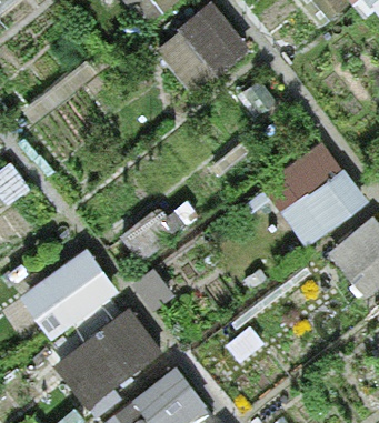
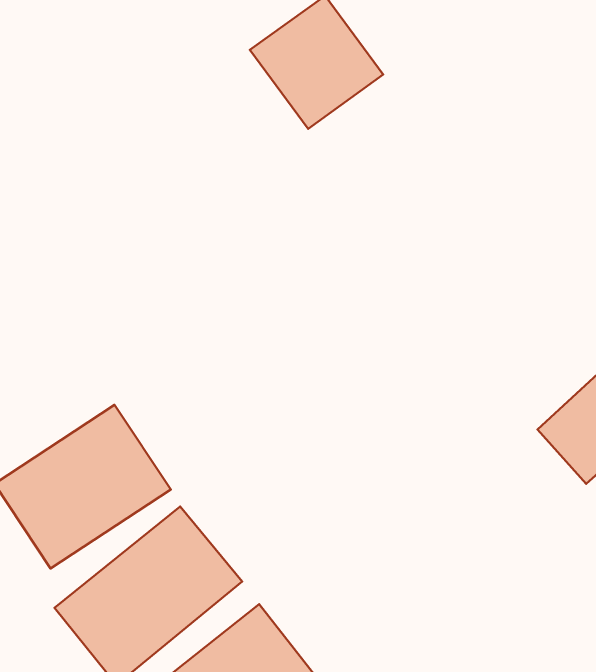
building: [265,142,368,245] -> none

